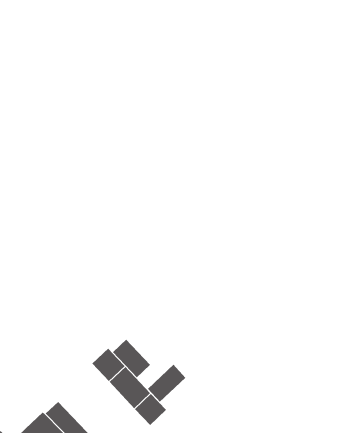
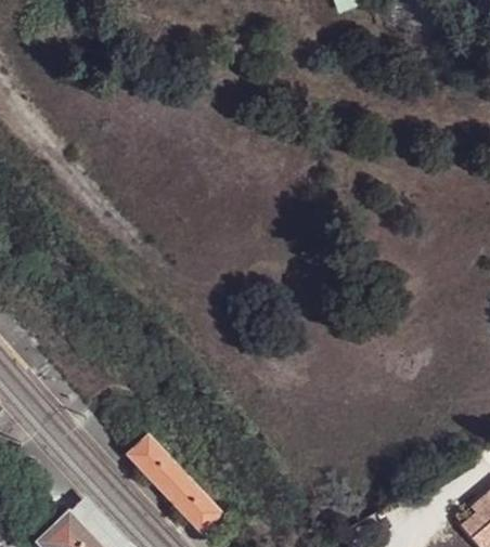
building: [112,339,151,378] -> none
building: [147,364,186,403] -> none

